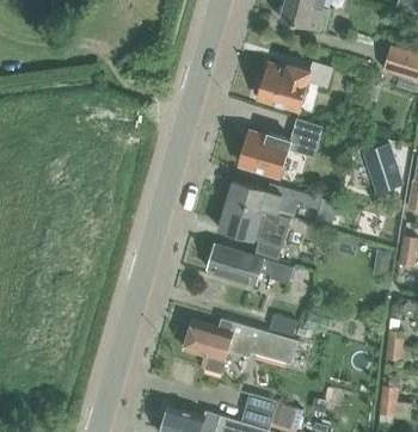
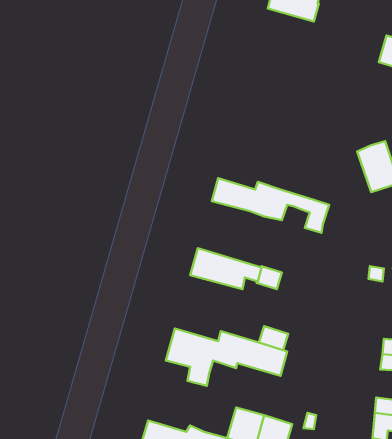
building: [257,62,331,111] -> none
building: [238,118,321,177] -> none
building: [219,200,319,271] -> none

